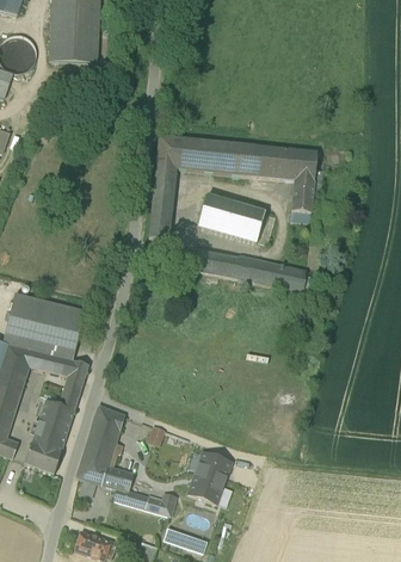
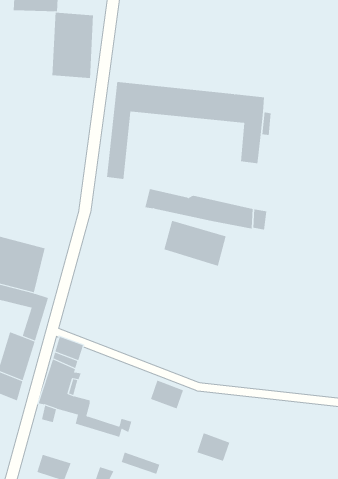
building: none -> [52,12,94,79]
building: [197,194,264,243] -> [163,220,226,266]
building: [187,471,223,502] -> [196,432,230,462]

